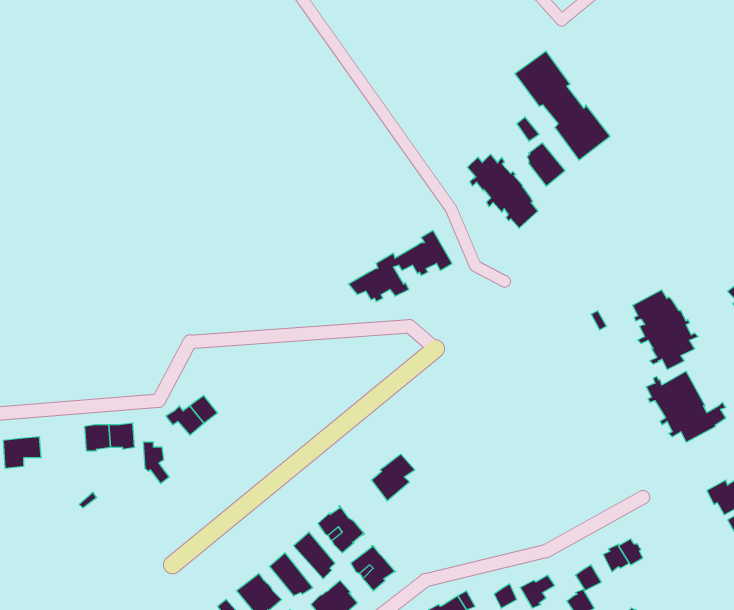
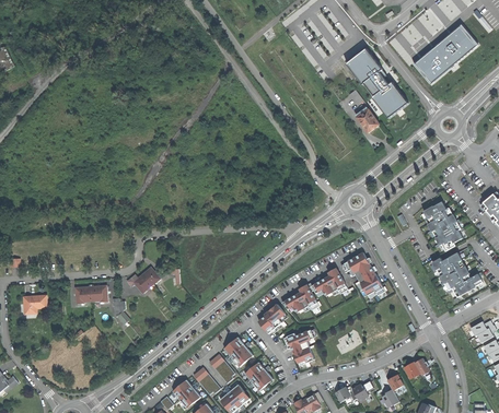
building: none -> [413,24,478,84]
building: [467,154,538,228] -> none
building: [348,231,452,301] -> [281,268,347,312]
building: none -> [340,251,386,297]
building: none -> [282,329,314,365]

